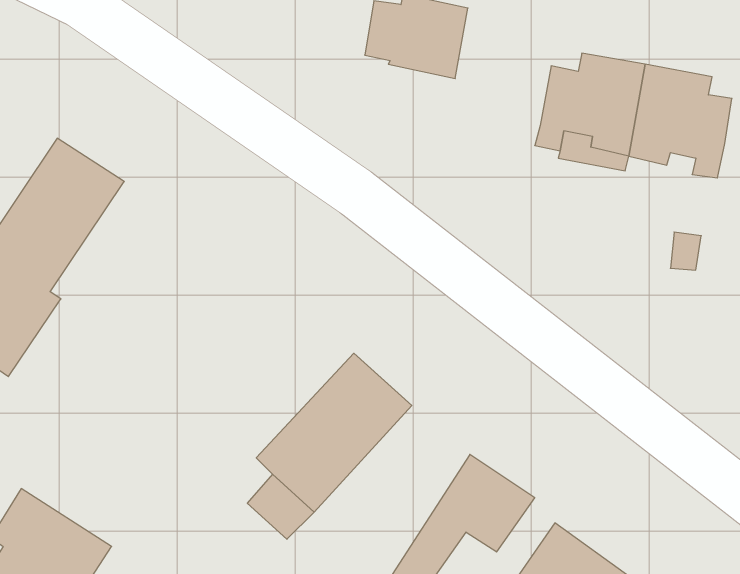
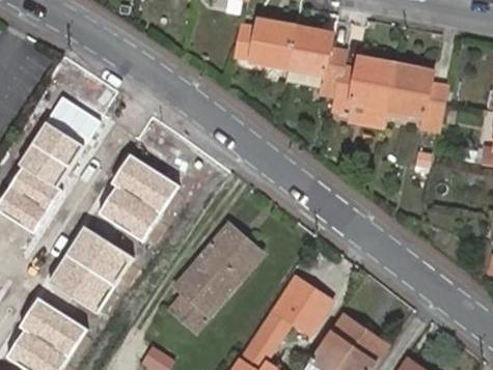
building: none -> [287,23,346,90]
building: none -> [101,152,181,243]
building: none -> [52,229,132,313]

